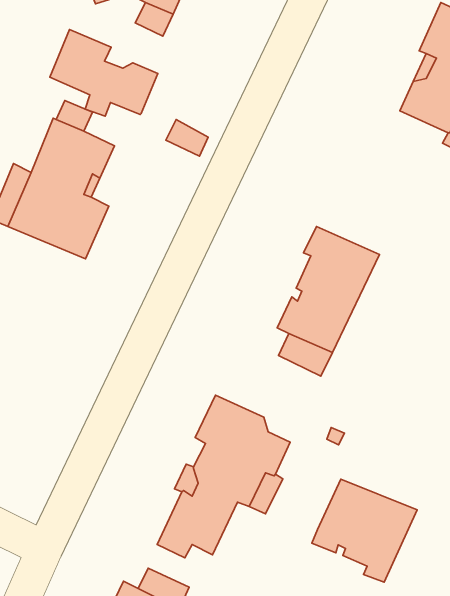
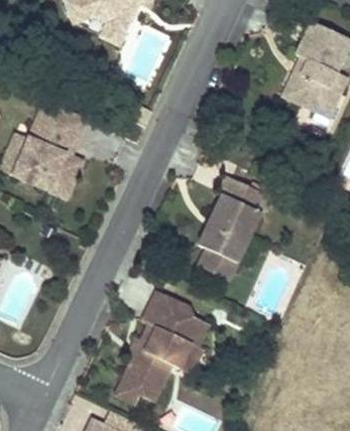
building: [50,30,158,116] -> none
building: [312,479,417,582] -> none

